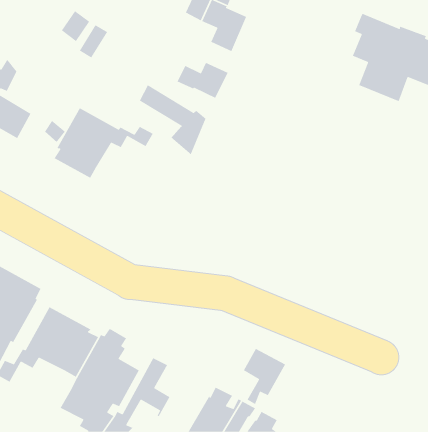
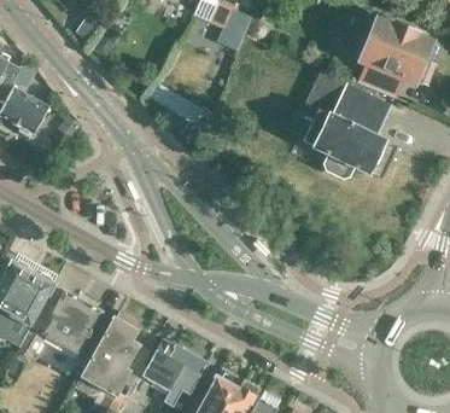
building: [177,62,229,99] -> none
building: none -> [303,71,397,181]
building: [54,107,154,179] -> none
building: [243,348,286,405] -> [164,348,205,402]

